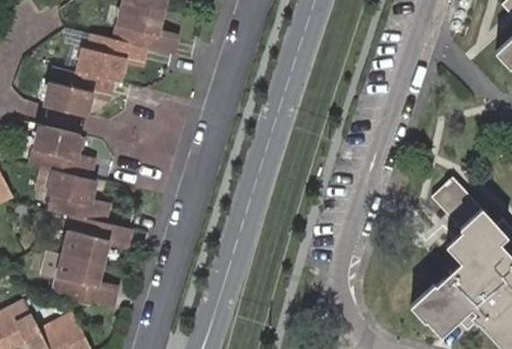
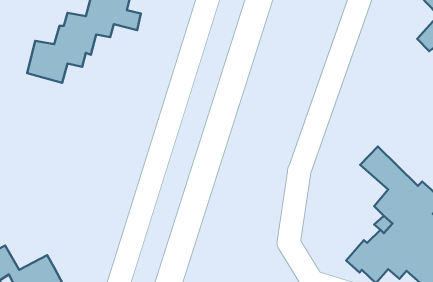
building: [30,123,132,305] -> none

